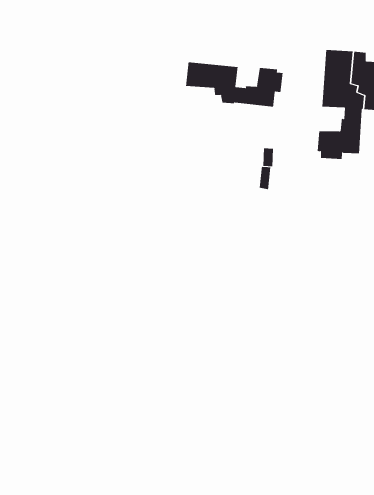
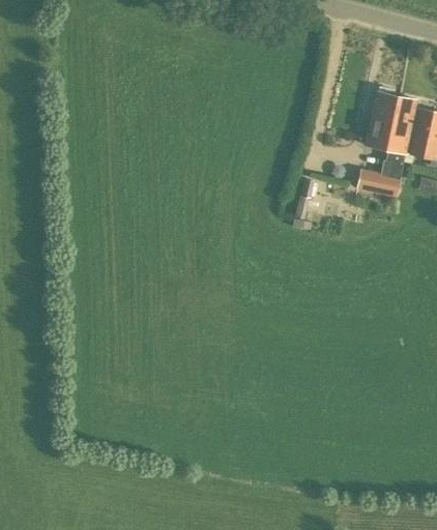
building: [185,62,283,107] -> none

